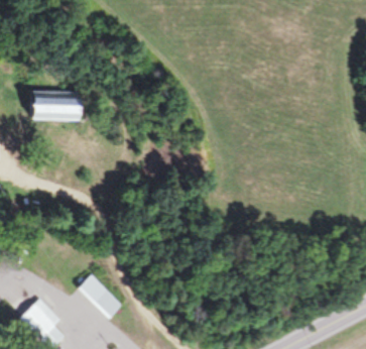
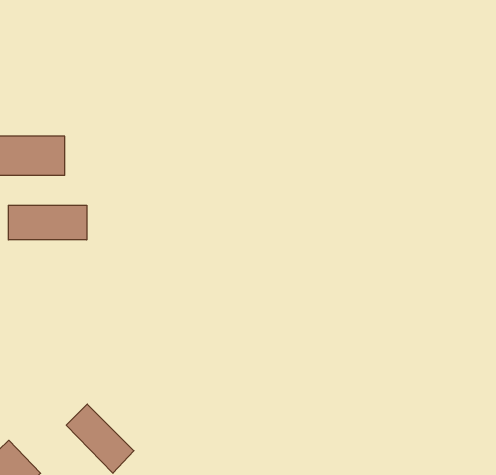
building: none -> [8,205,87,240]

